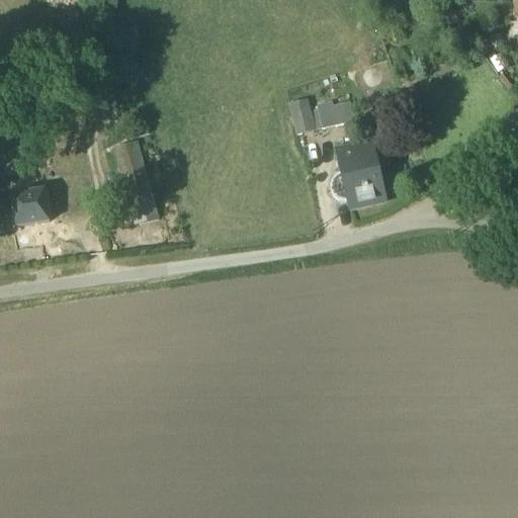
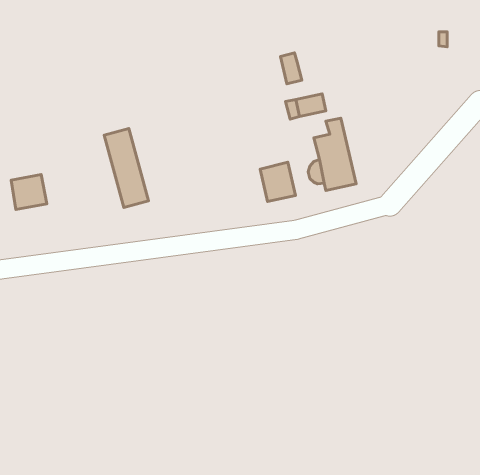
building: [289,99,313,133] -> [280,53,302,84]
building: none -> [260,162,295,202]

